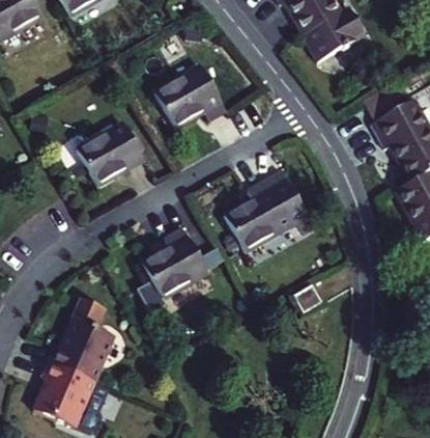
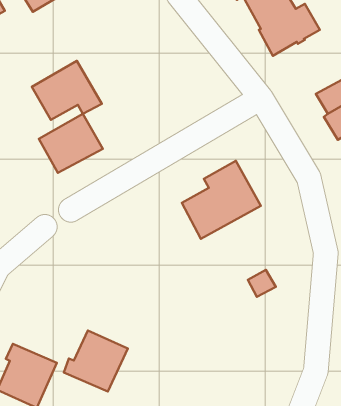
building: [155,65,228,127] -> [32,61,102,120]
building: [142,226,208,297] -> none
building: [50,317,116,380] -> [64,331,128,392]

